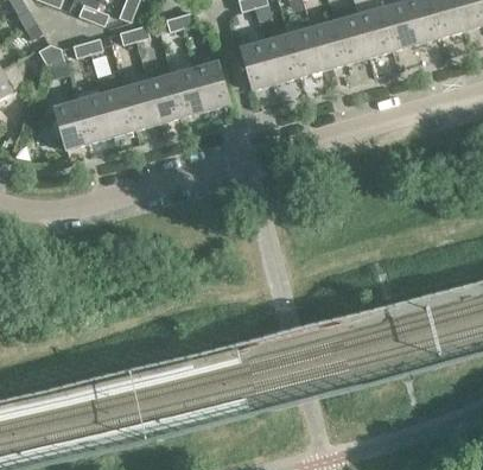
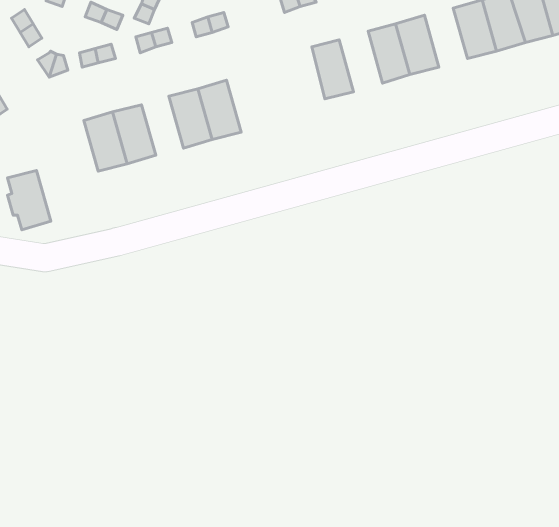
building: [357,8,393,57] -> none
building: [287,27,323,77] -> none
building: [240,40,275,90] -> none
building: [195,61,230,110] -> none
building: [125,81,159,129] -> none
building: [53,101,89,150] -> [8,171,51,230]

